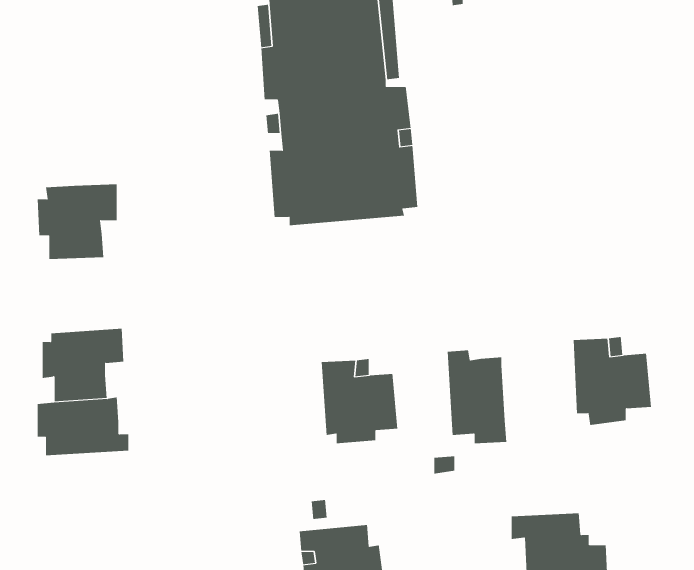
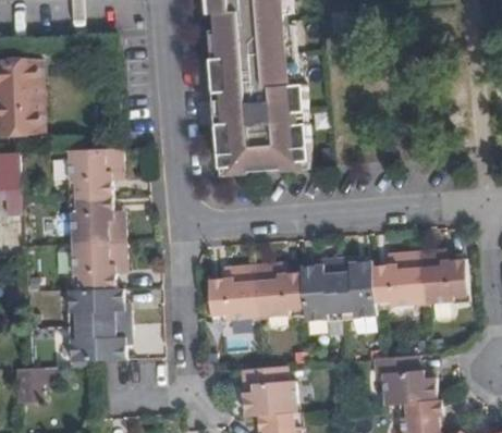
building: none -> [69,196,123,245]
building: none -> [369,249,417,307]
building: none -> [298,257,336,320]
building: none -> [207,263,255,320]
building: none -> [69,321,128,366]

